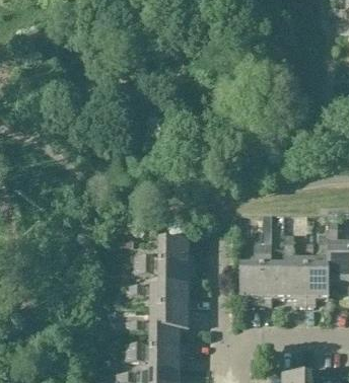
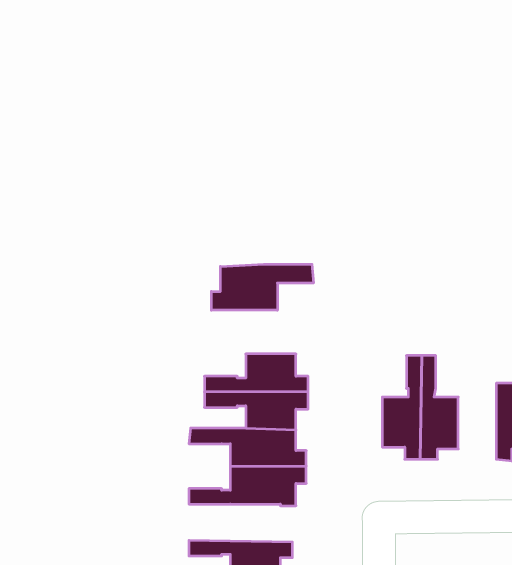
building: none -> [211,264,313,310]
building: [285,232,307,301] -> none
building: [127,327,188,350] -> none

